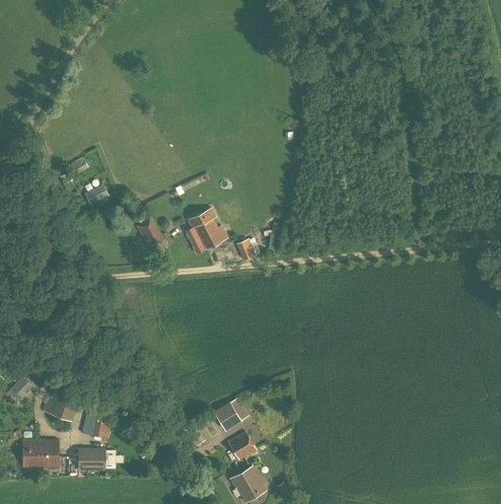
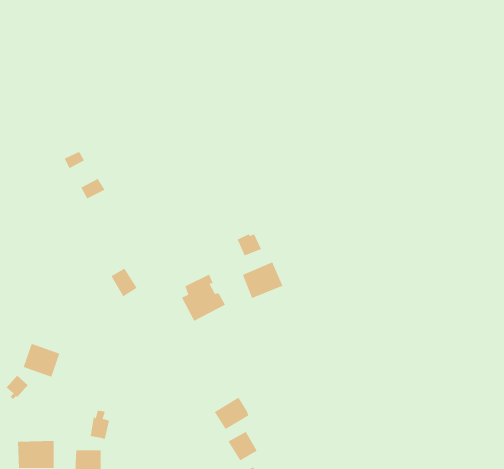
building: [185,208,228,255] -> [181,274,226,322]
building: [136,218,162,246] -> [110,268,137,297]
building: none -> [242,261,283,299]
building: [44,387,80,421] -> [23,343,60,377]

